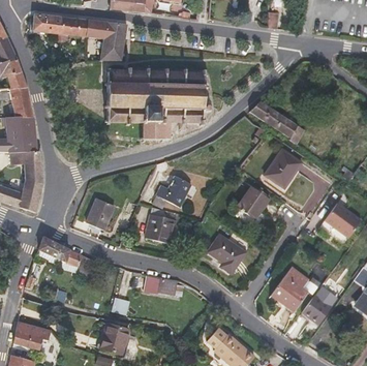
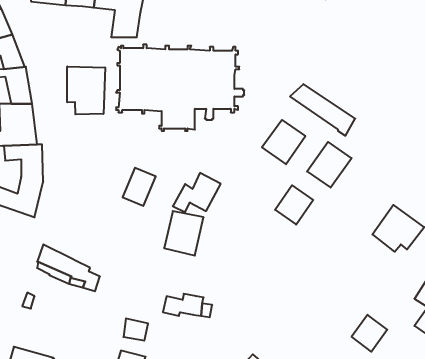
building: none -> [67,66,105,114]
building: none -> [262,120,305,164]
building: [86,197,114,230] -> [123,168,156,206]
building: [208,235,244,272] -> none
building: [271,267,307,312] -> none

